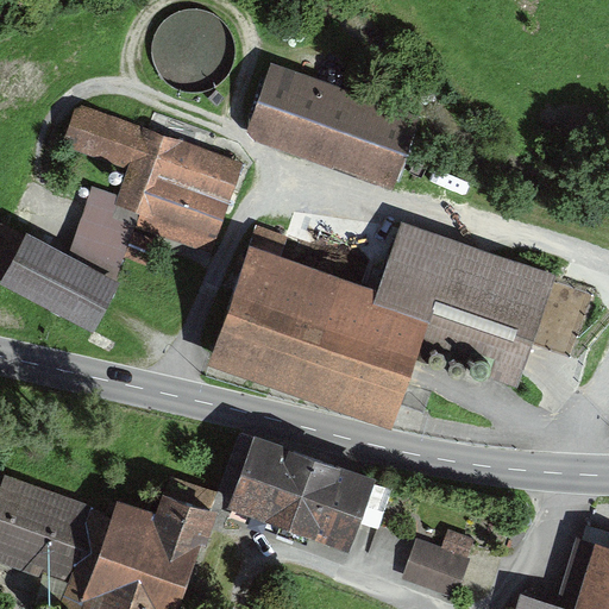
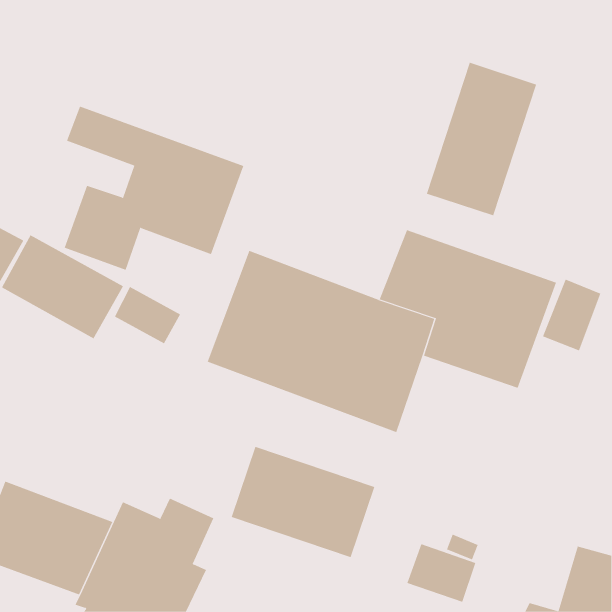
building: [150,7,238,94] -> none
building: none -> [426,62,537,216]
building: [246,68,417,186] -> none
building: none -> [114,286,181,344]

